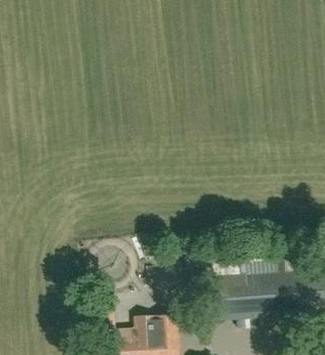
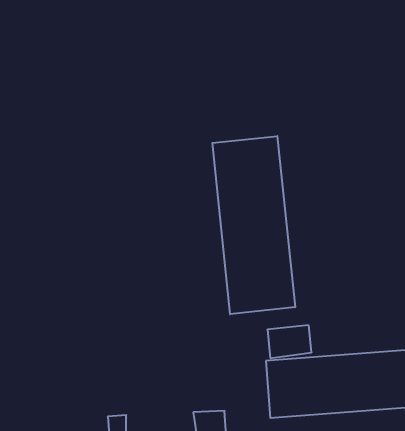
building: none -> [212,136,295,314]

